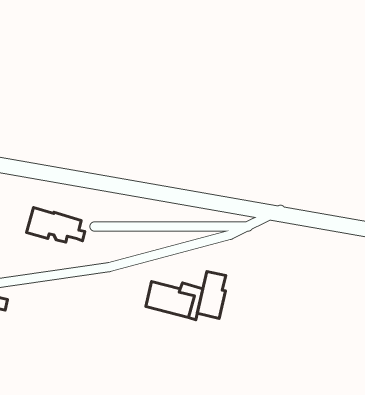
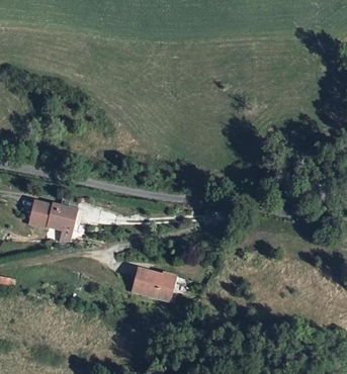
building: [197,272,226,318] -> none

